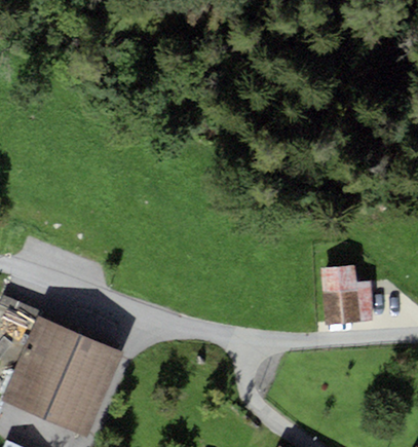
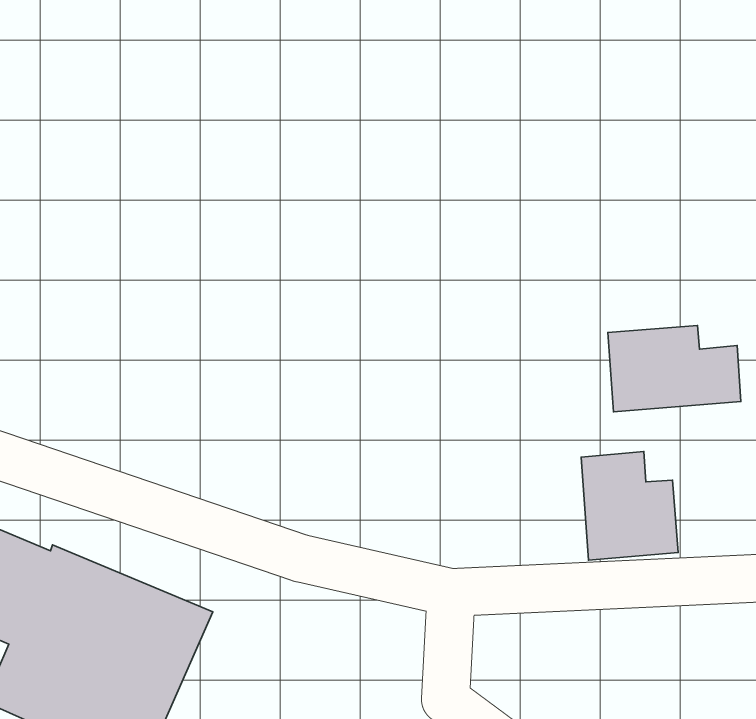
building: none -> [608,325,741,412]

